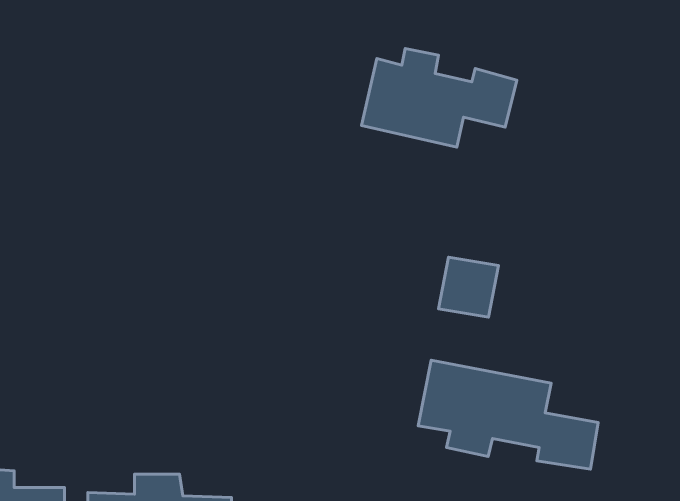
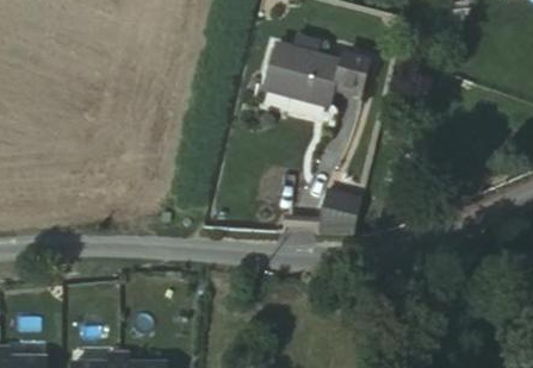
building: [418,360,598,469] -> none

